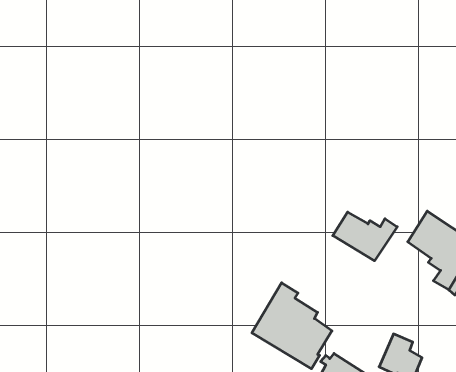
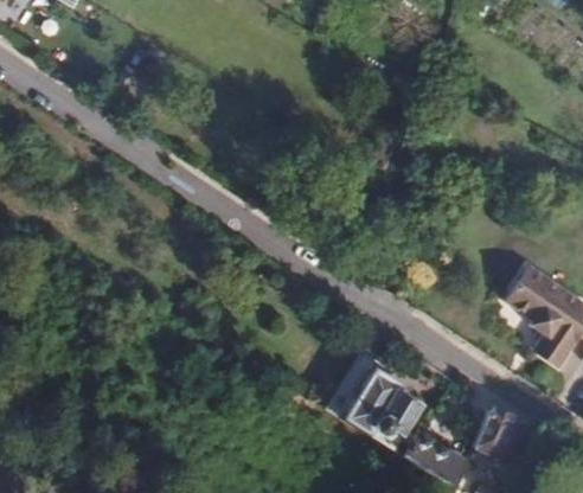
building: [333,212,397,261] -> none

